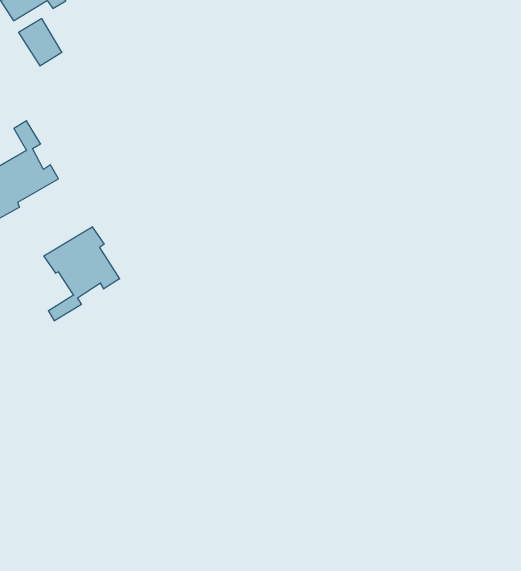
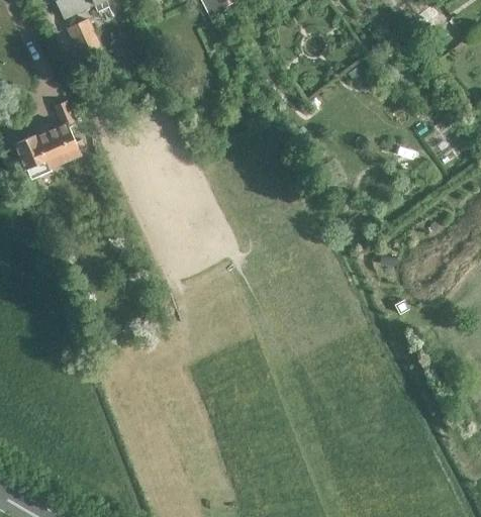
building: [44,227,120,321] -> none

